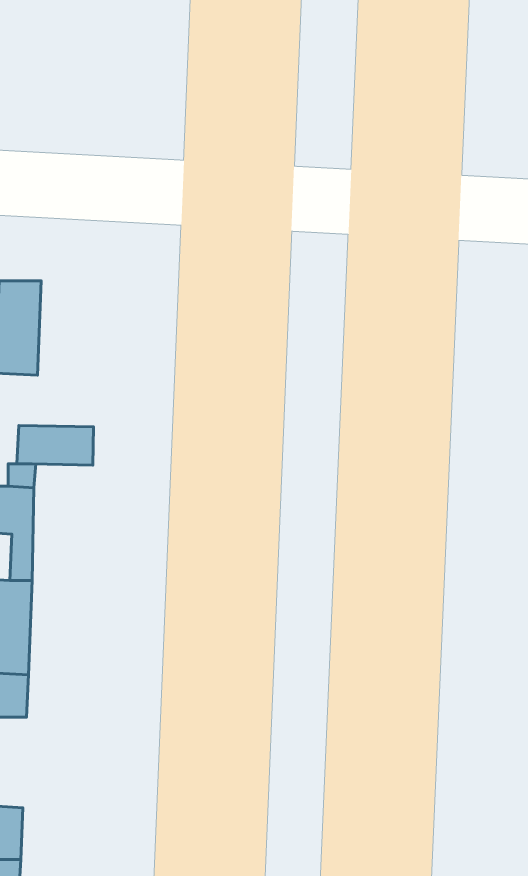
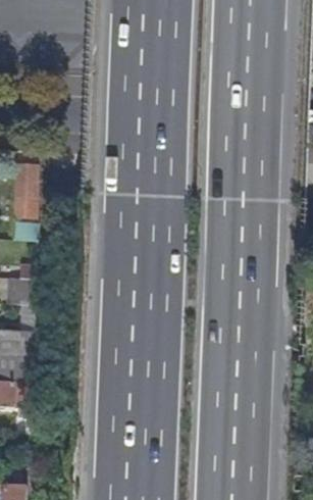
building: [17,426,94,465] -> none

